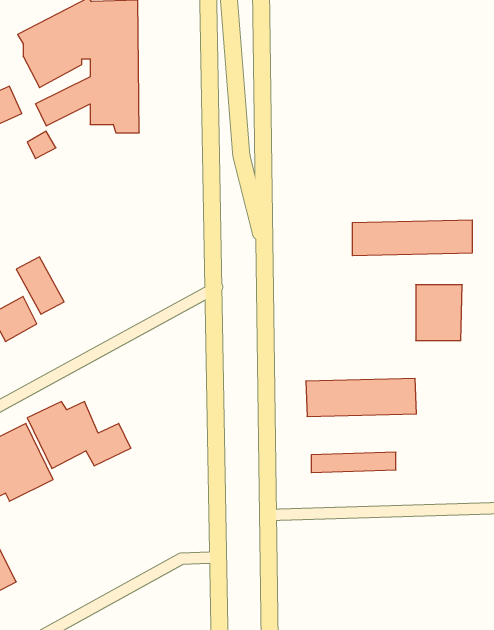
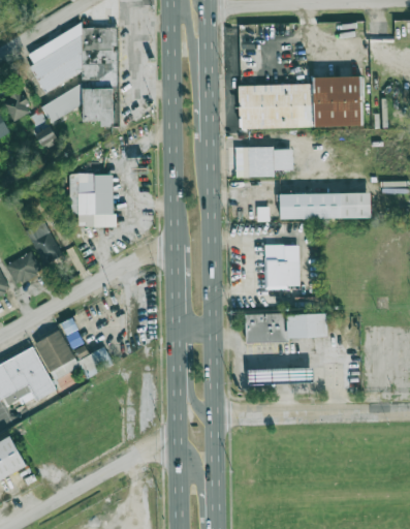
building: none -> [239,76,364,128]
building: none -> [234,147,292,177]
building: none -> [69,173,114,226]
building: [416,285,462,341] -> [264,245,299,287]

